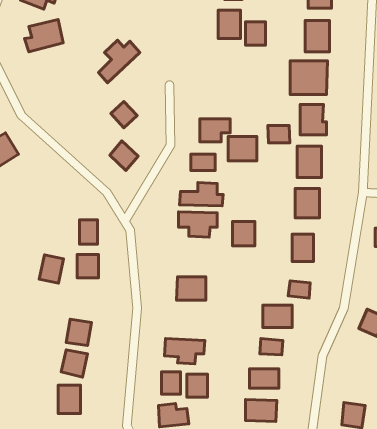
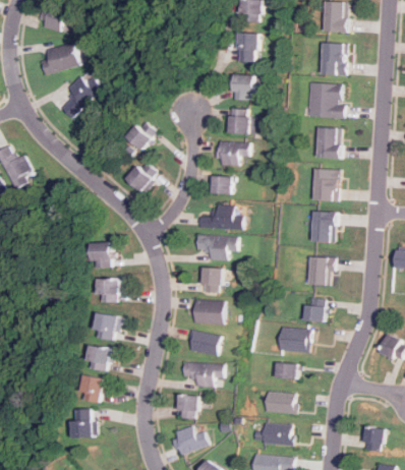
building: [245,22,266,45] -> [233,75,253,99]
building: [98,40,140,83] -> [61,75,103,118]
building: [268,125,290,143] -> none
building: [228,136,257,161] -> [227,109,255,133]
building: [233,222,255,246] -> [199,268,222,292]
building: [39,255,64,283] -> [92,310,116,339]
building: none -> [187,332,219,355]
building: [187,374,207,397] -> none

